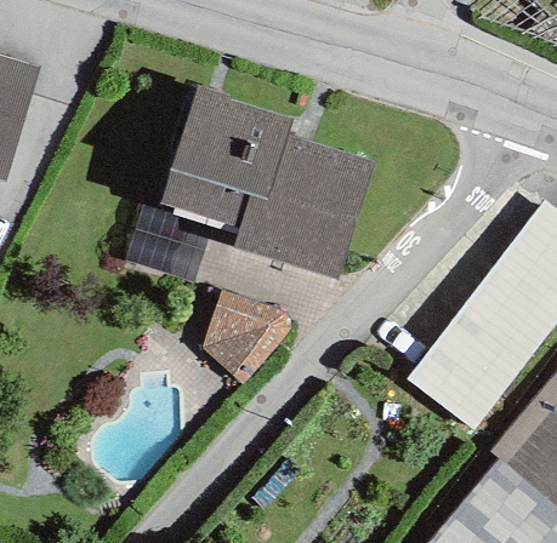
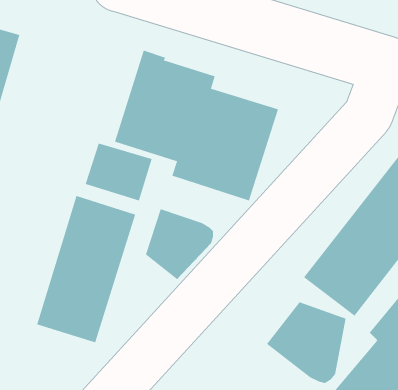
building: none -> [36,195,136,343]
building: none -> [266,302,346,384]

